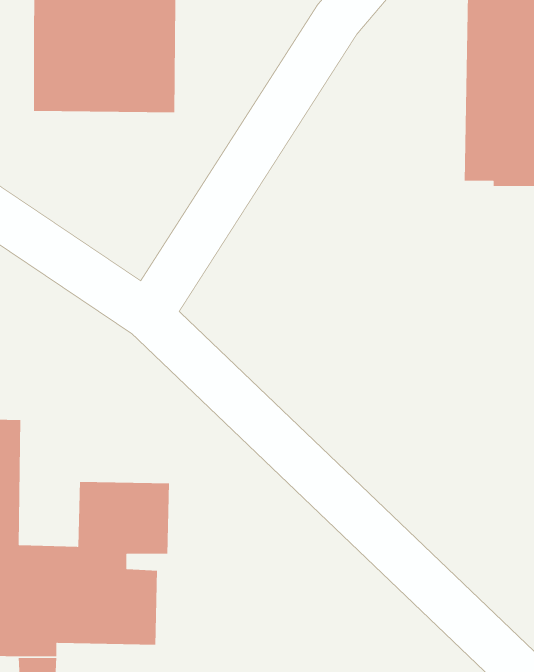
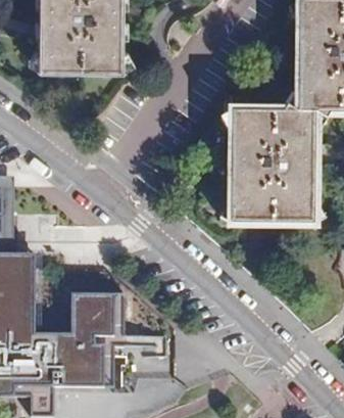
building: none -> [229,110,313,225]

